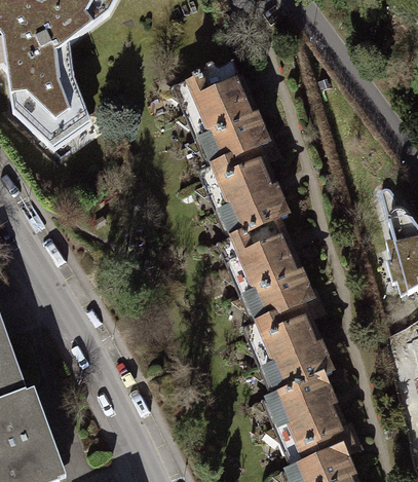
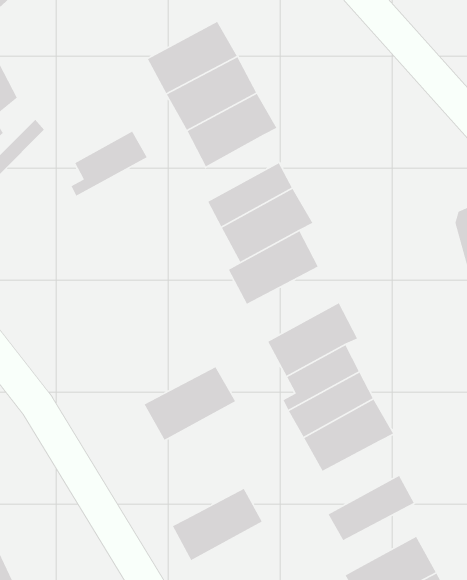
building: [211,145,268,189] -> [71,130,148,197]
building: [235,244,302,294] -> [144,366,236,441]
building: [268,373,334,422] -> [172,488,263,561]
building: [289,420,351,464] -> none

